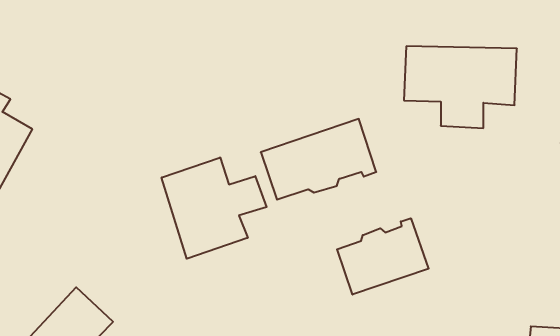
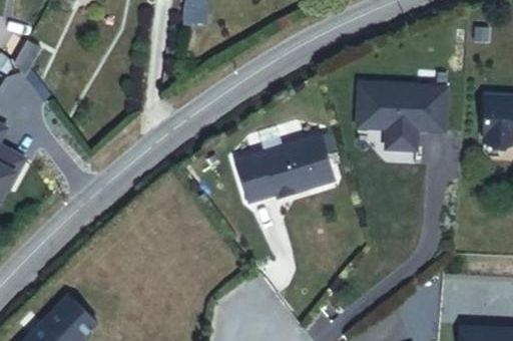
building: [162,157,267,259] -> none
building: [337,218,429,295] -> none

